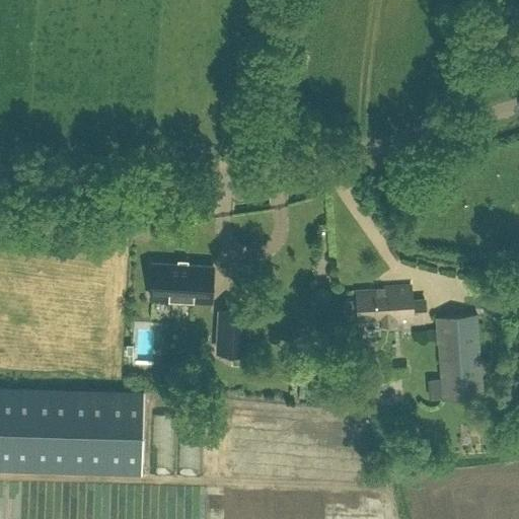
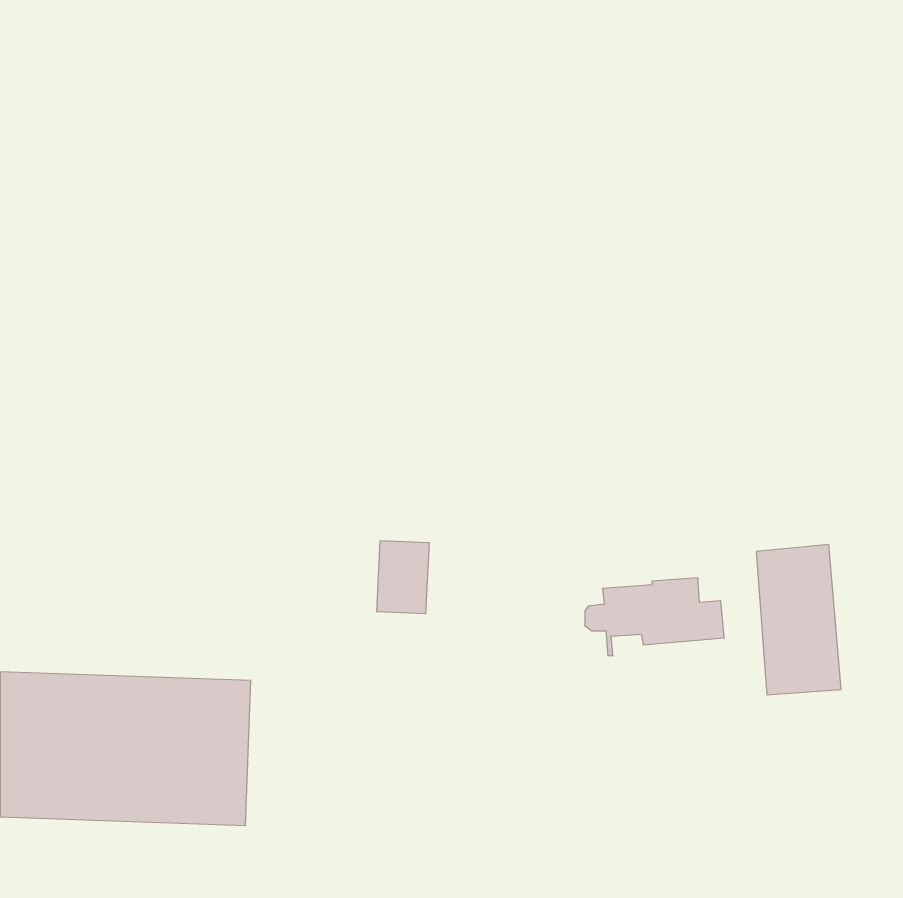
building: [150,264,213,302] -> none
building: [346,288,426,332] -> [585,578,724,656]

